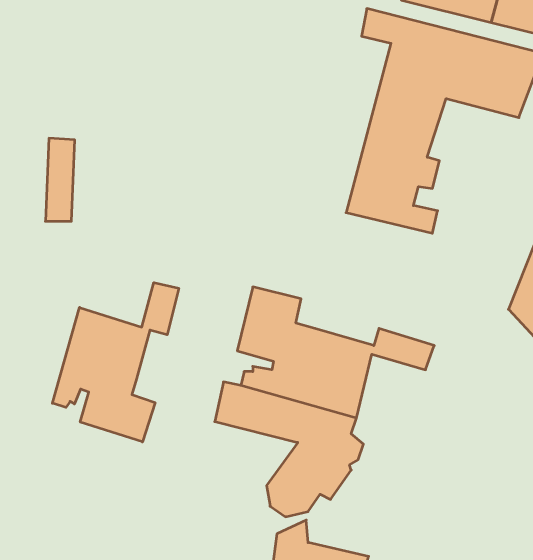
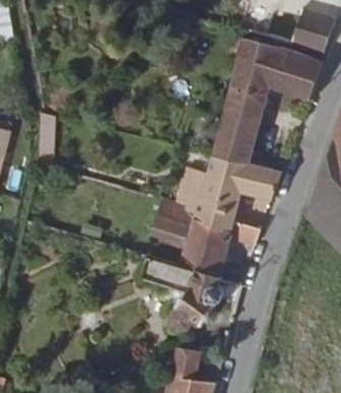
building: none -> [191,154,286,233]
building: [52,283,179,442] -> none

